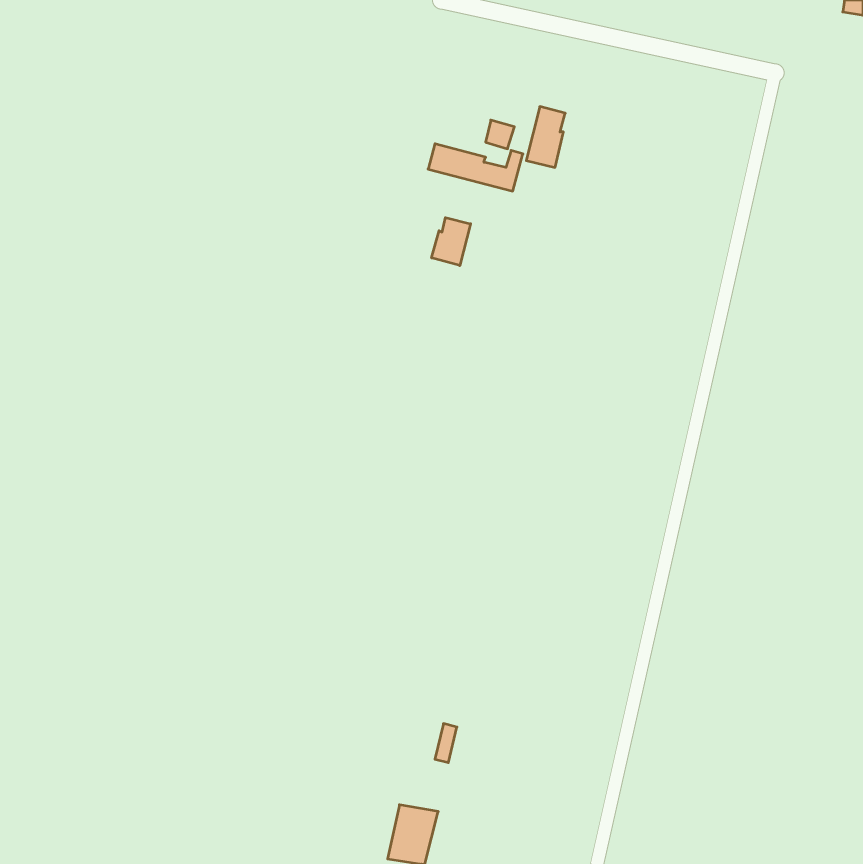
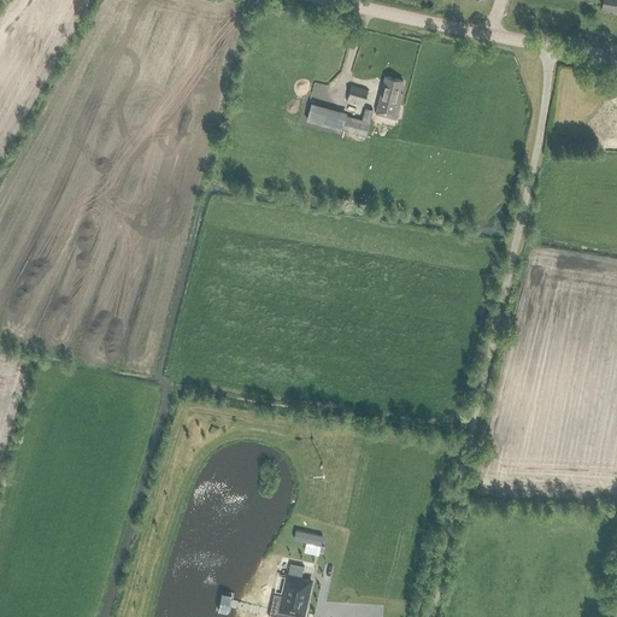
building: [432,218,471,266] -> none

